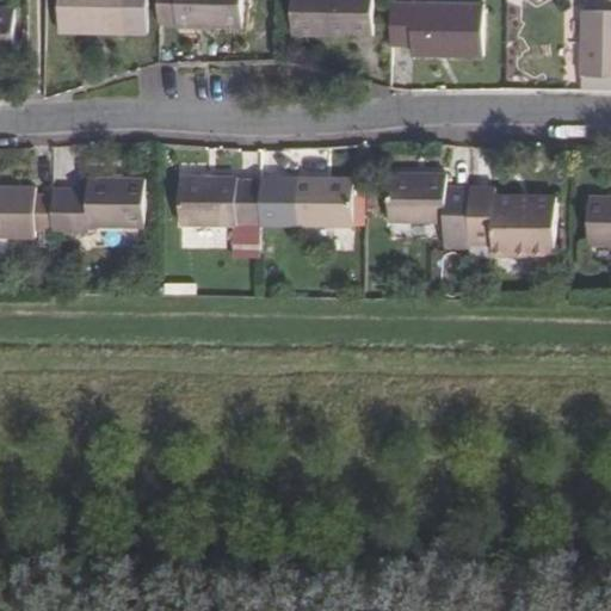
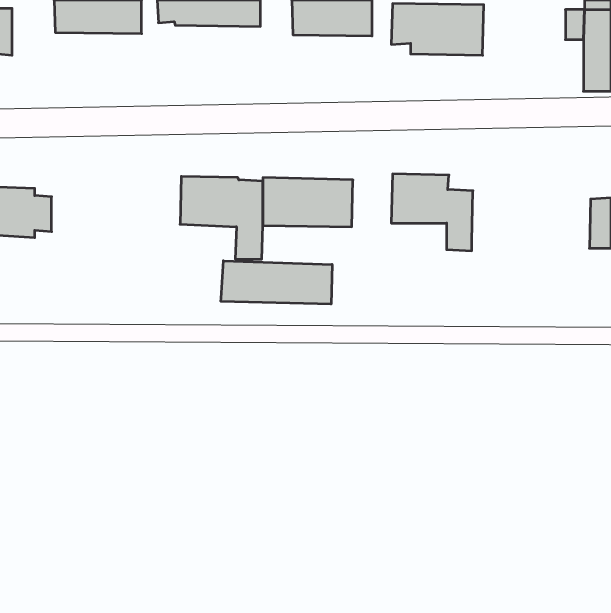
building: [51,177,143,241] -> none
building: [469,189,555,254] -> none
building: none -> [221,261,332,304]

